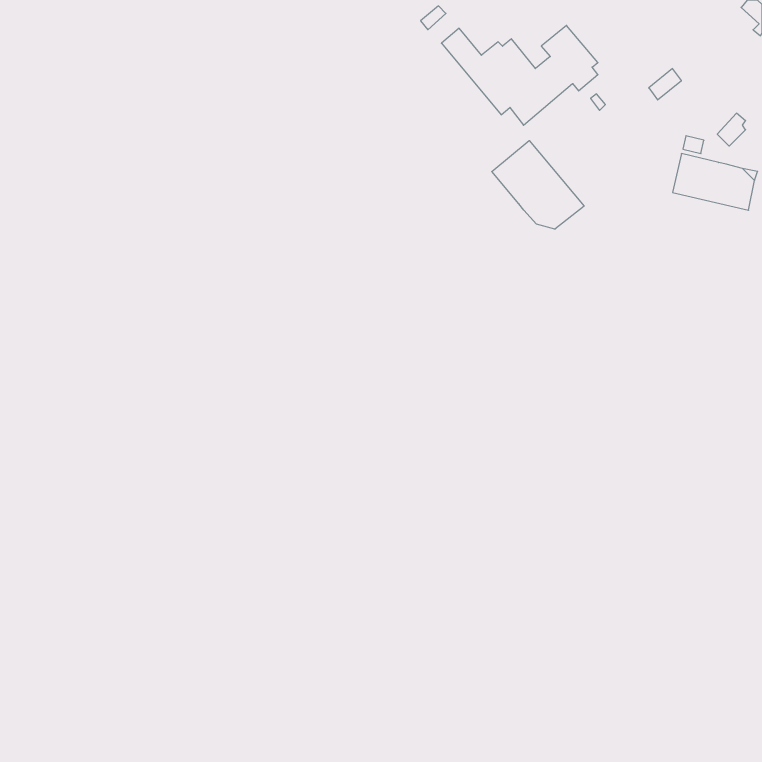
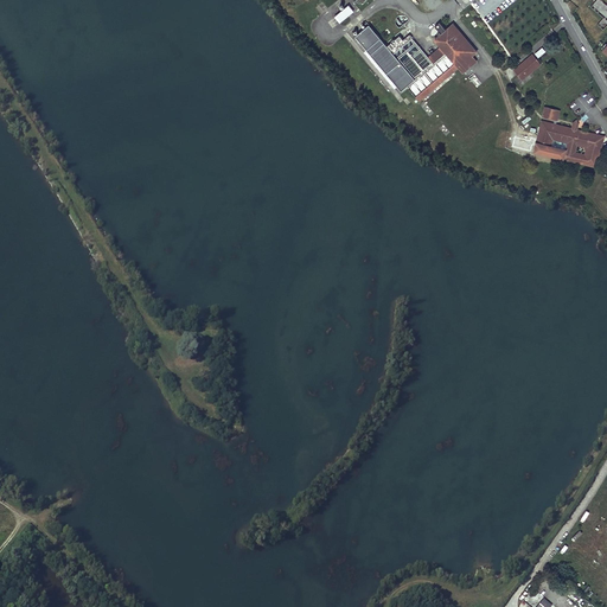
building: [492,141,584,229] -> none

